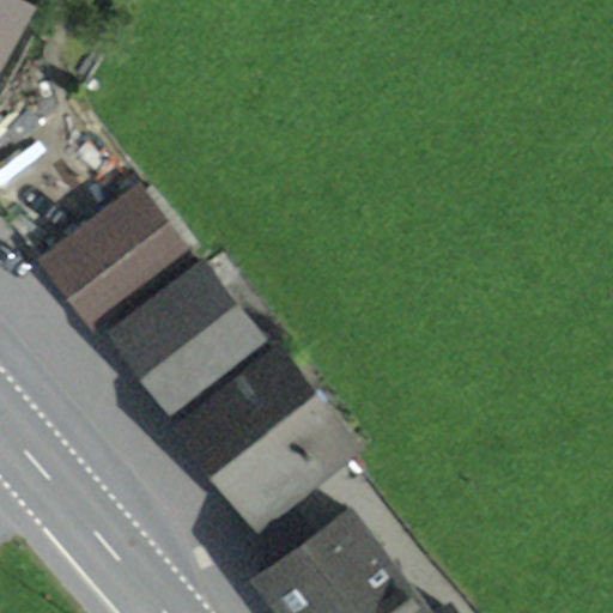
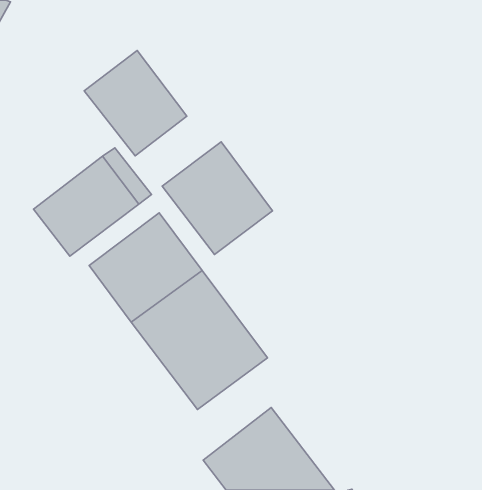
building: none -> [84,50,187,156]
building: none -> [162,142,272,254]

